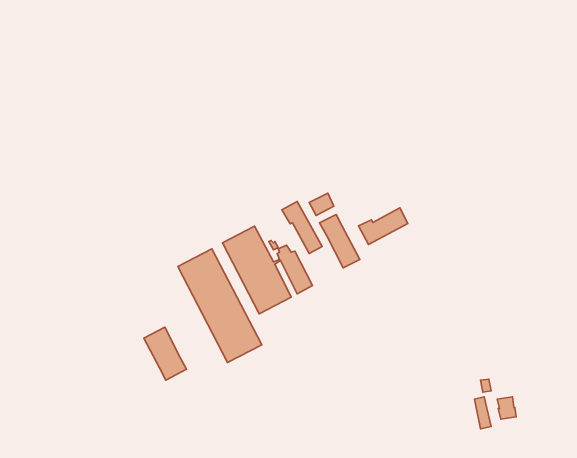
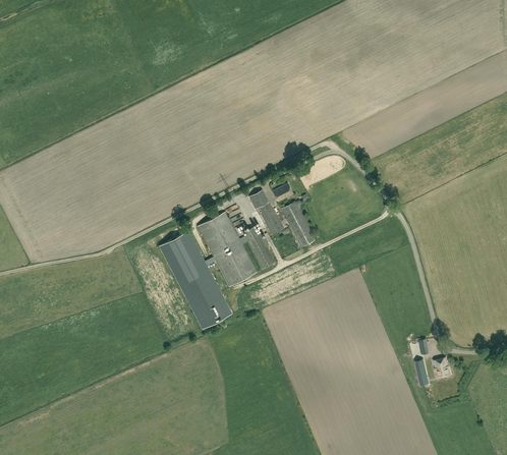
building: [359,208,408,244] -> none
building: [144,327,187,380] -> none

